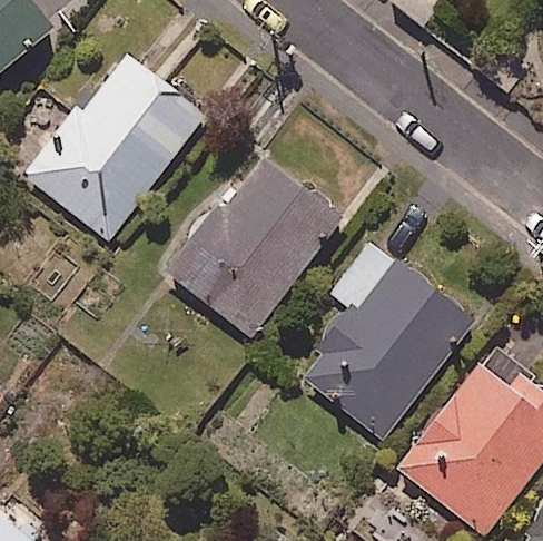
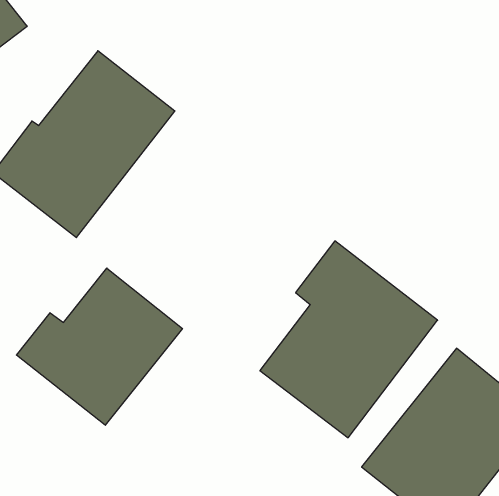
building: [167,156,340,336] -> none
building: none -> [16,268,182,425]

